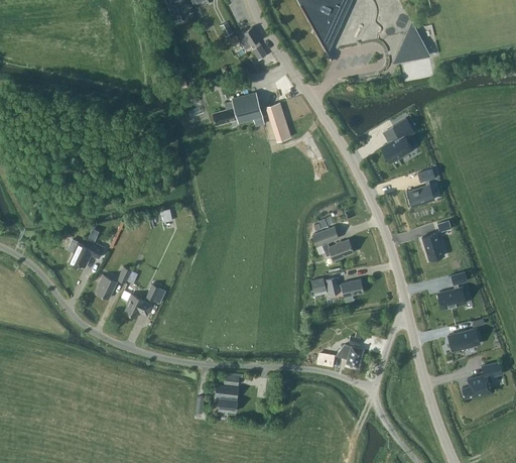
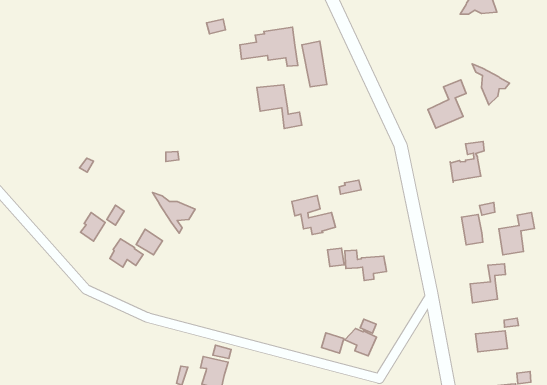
building: none -> [472,64,509,105]
building: none -> [257,85,302,129]
building: none -> [499,212,535,255]
building: [312,226,353,260] -> [292,195,335,235]
building: [67,239,104,266] -> none
building: none -> [153,192,195,233]

